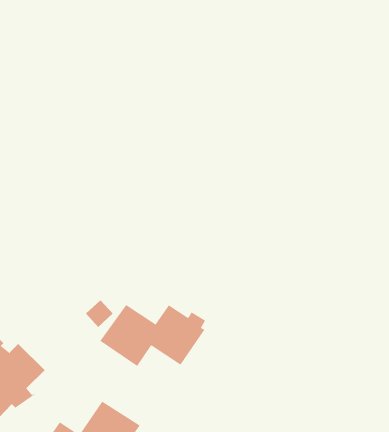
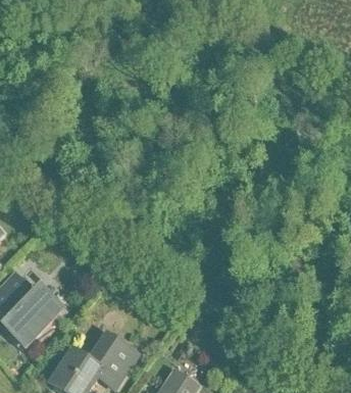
building: [99,304,206,367] -> none

